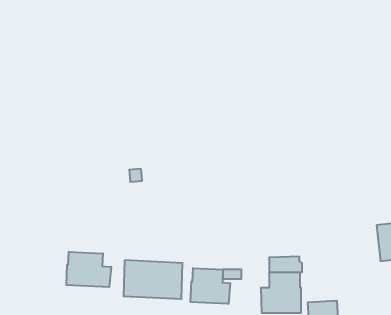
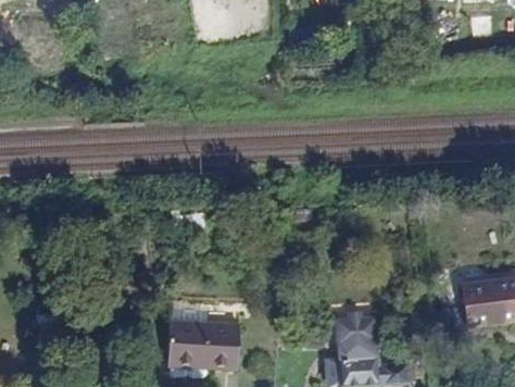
building: [66,252,111,287] -> none
building: [191,268,230,304] -> none

